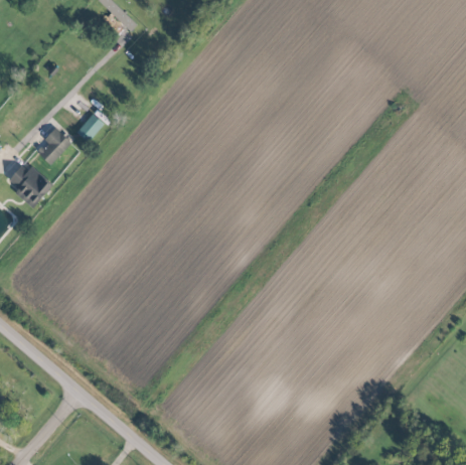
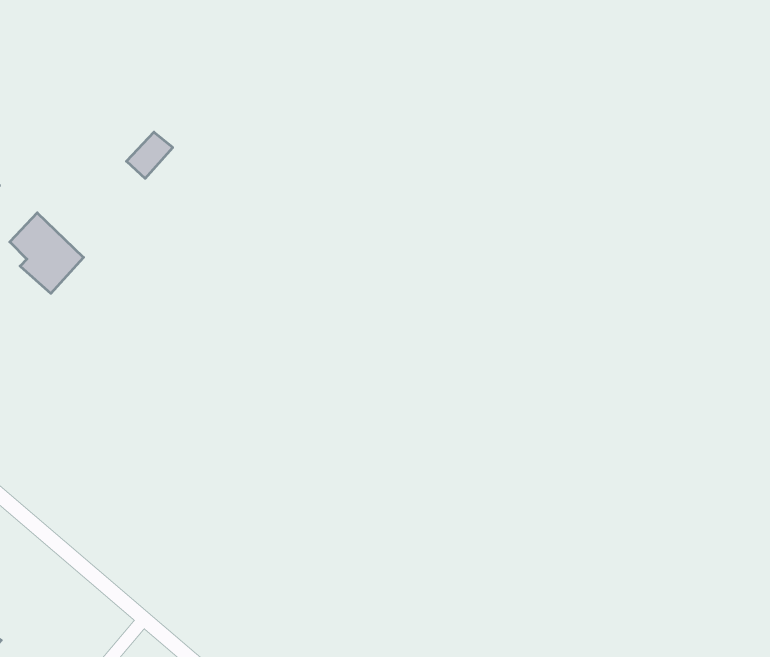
building: [39,127,71,164] -> none

